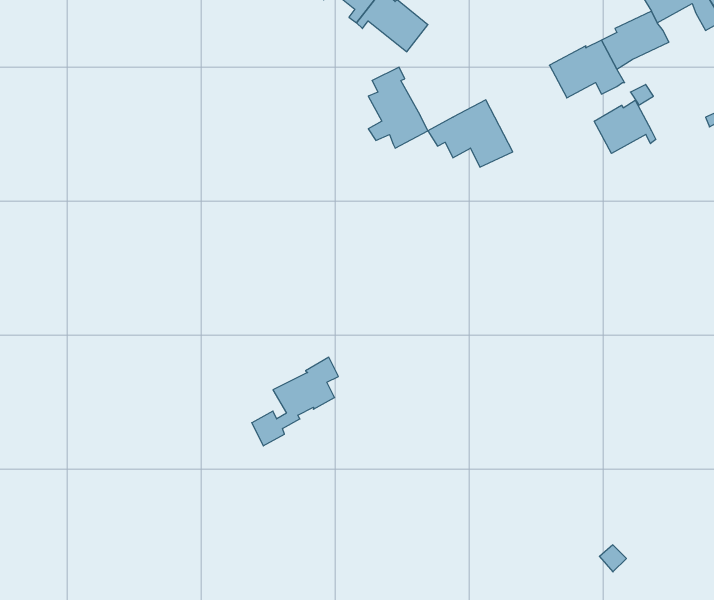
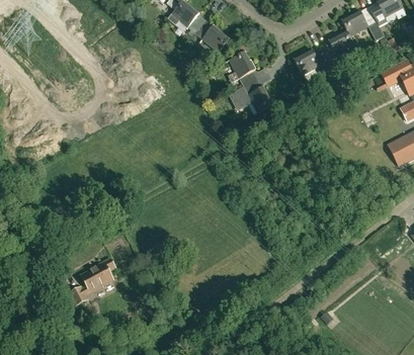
building: [368,67,428,148] -> [229,43,260,86]
building: [594,100,656,153] -> none
building: [252,357,338,446] -> [70,258,115,304]

